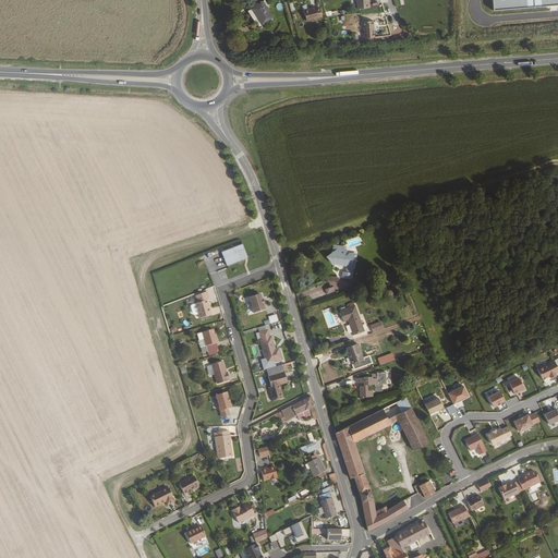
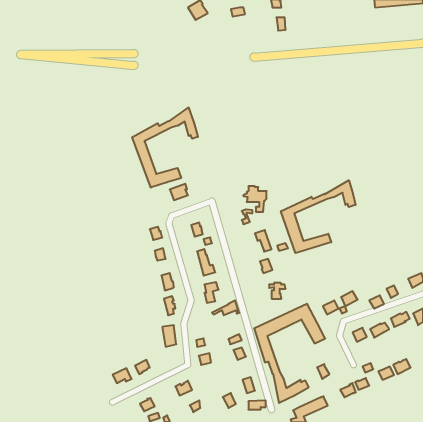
building: none -> [132,107,198,188]
building: none -> [281,180,356,253]

